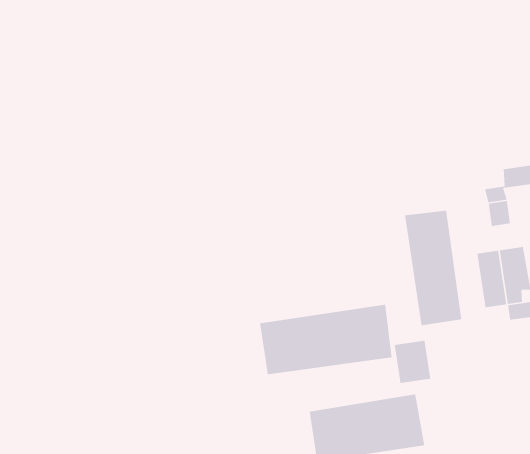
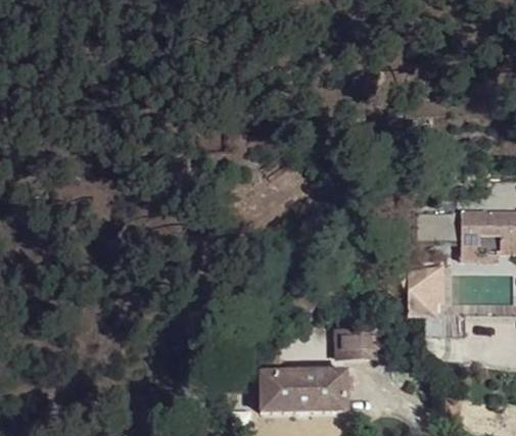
building: [404,210,462,326] -> none
building: [259,304,392,375] -> none

